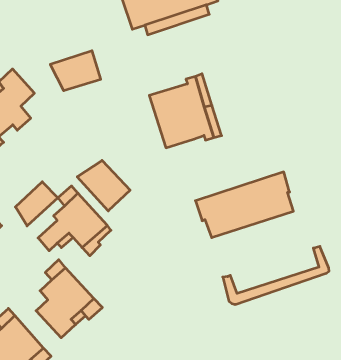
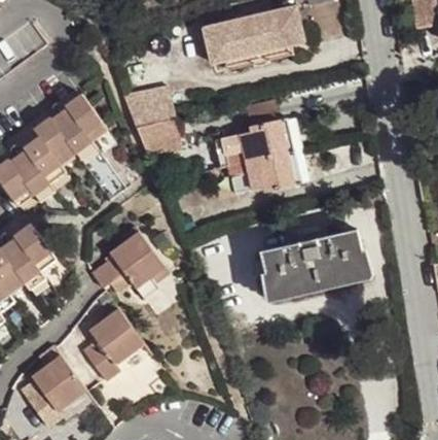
building: none -> [133,114,179,151]
building: [77,160,130,211] -> none
building: [15,182,58,226] -> none
building: [223,246,329,304] -> [260,249,372,302]

